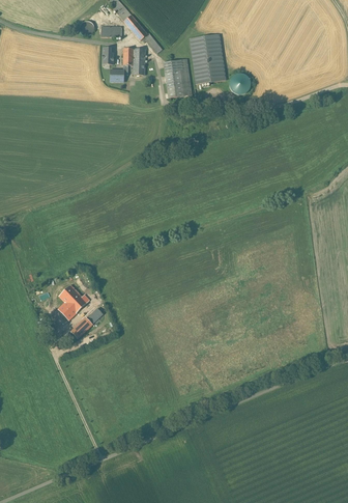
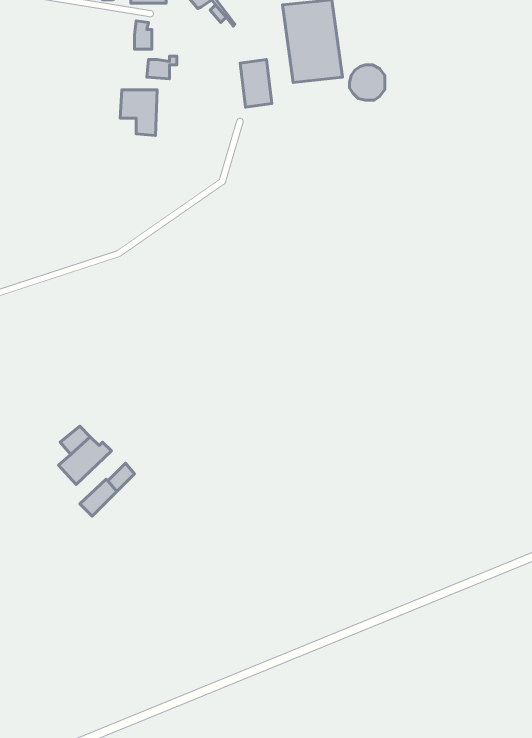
building: [123,48,145,75] -> [120,90,157,136]
building: [164,58,192,95] -> none

